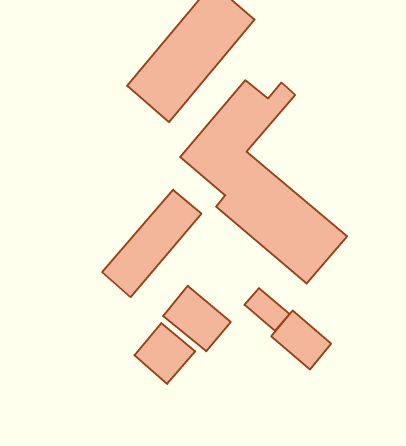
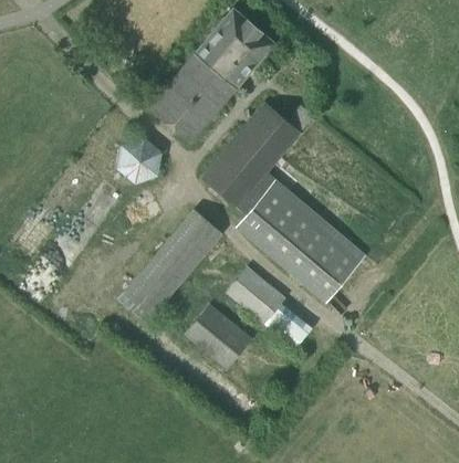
building: none -> [118,137,163,182]
building: [271,311,331,369] -> [227,266,285,324]
building: [134,323,195,384] -> none

